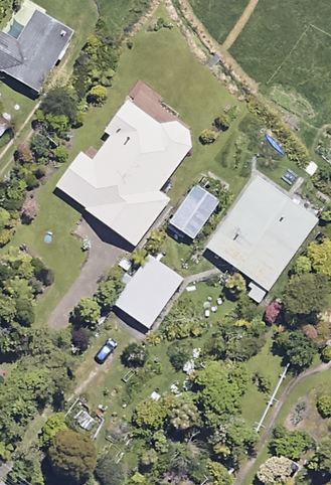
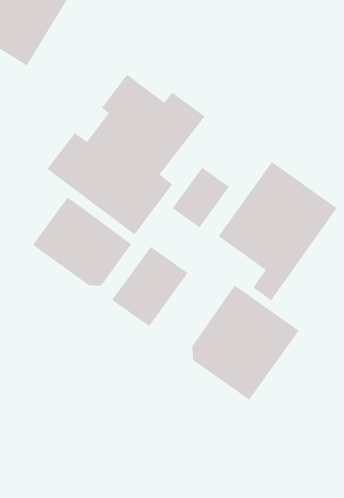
building: none -> [32,197,132,287]
building: none -> [192,285,299,400]

